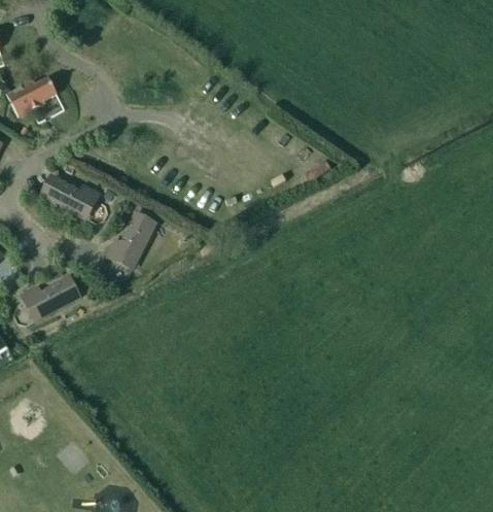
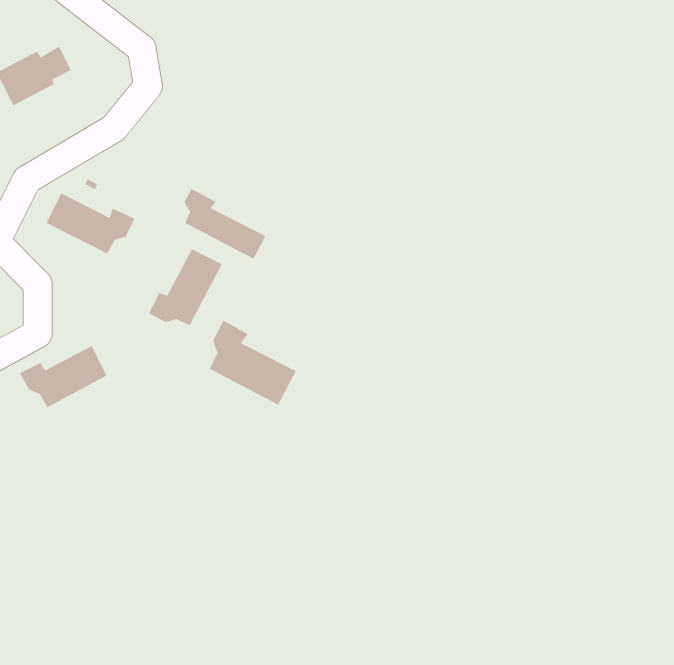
building: none -> [184,188,266,260]
building: none -> [209,319,297,406]

